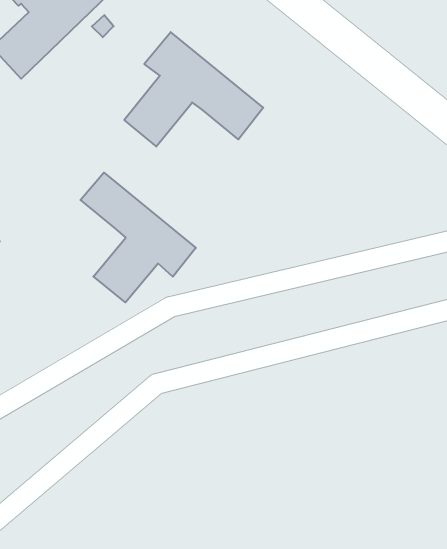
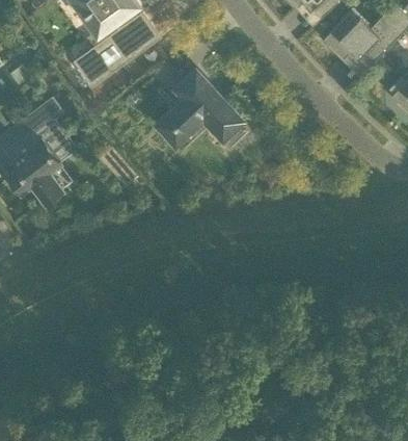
building: [80,173,196,302] -> none

